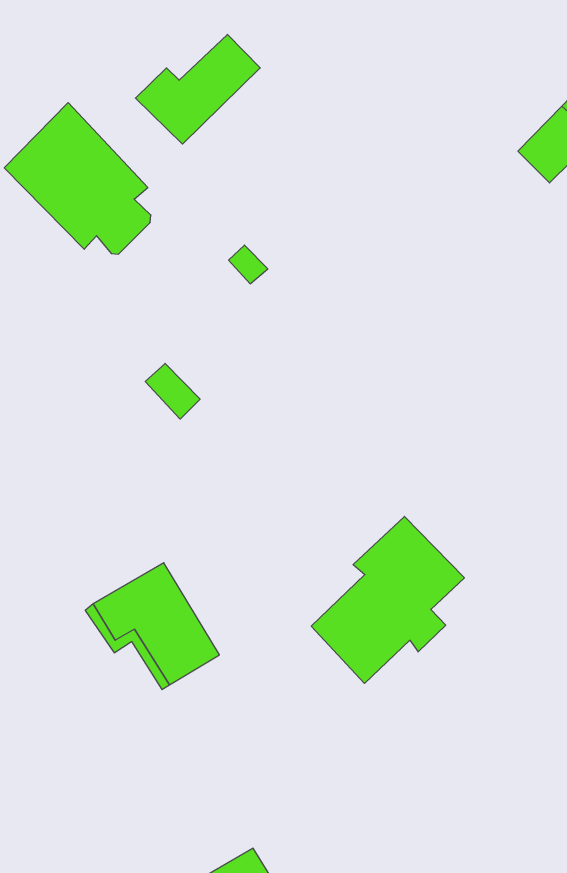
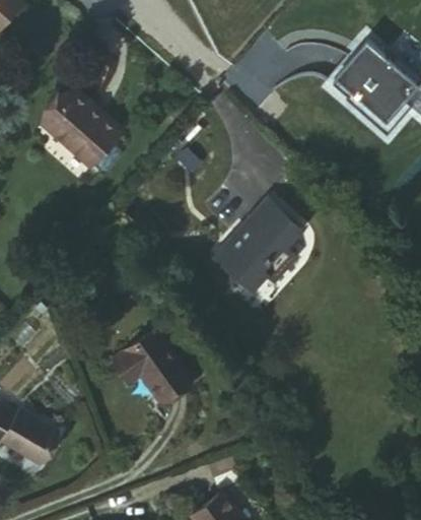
building: [135,34,260,144] -> none
building: [311,516,464,683] -> [218,203,301,299]

